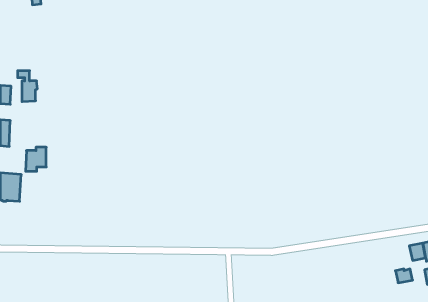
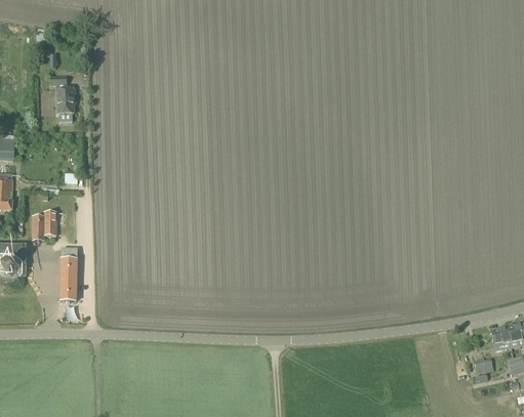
building: [18,71,37,102] -> [51,76,75,113]
building: none -> [59,247,77,300]

